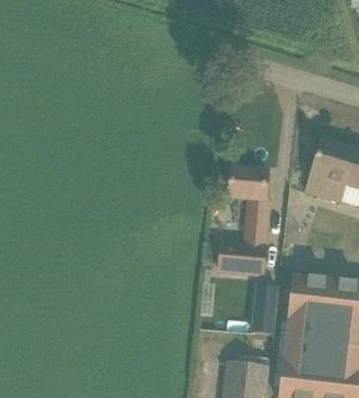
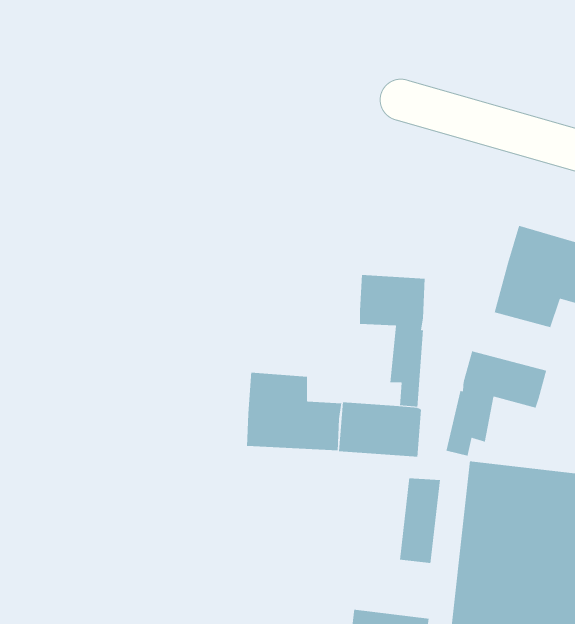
building: none -> [446,350,547,456]
building: none -> [247,372,342,451]

